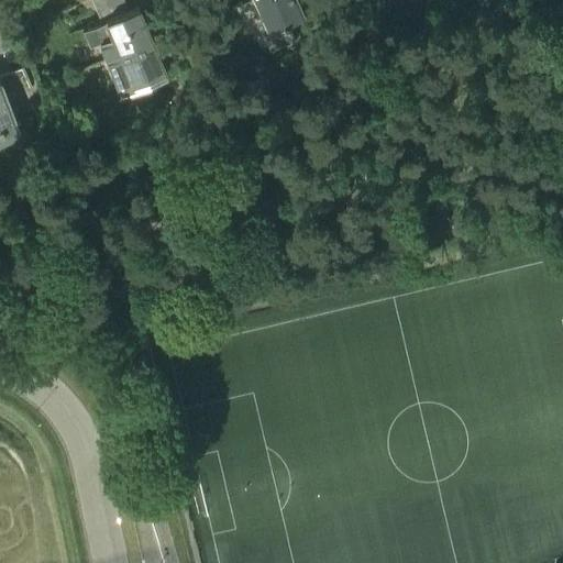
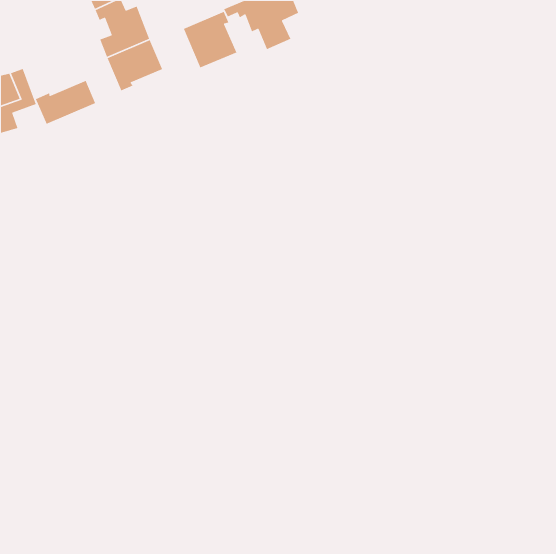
building: none -> [183,11,237,69]
building: none -> [35,80,96,125]

